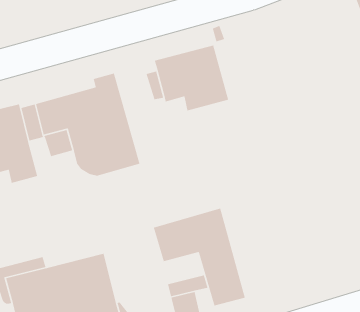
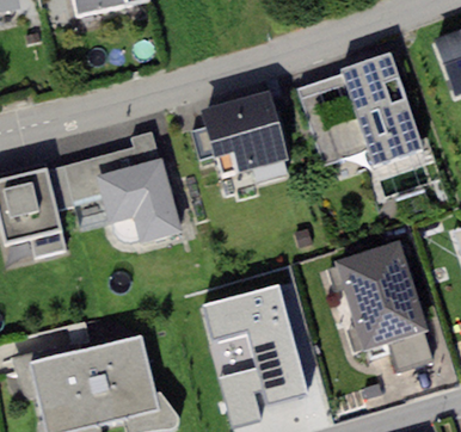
building: none -> [299,55,426,172]
building: none -> [334,241,432,370]

